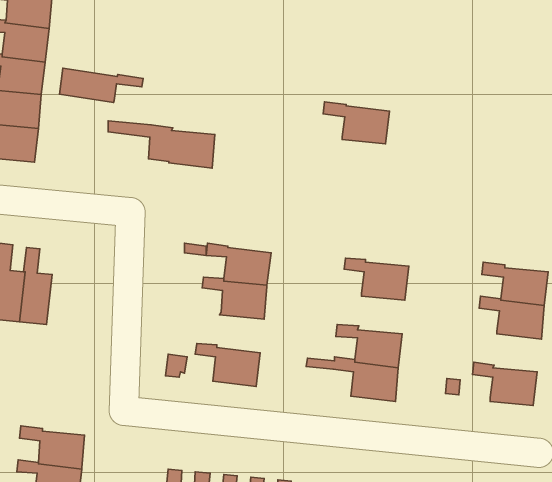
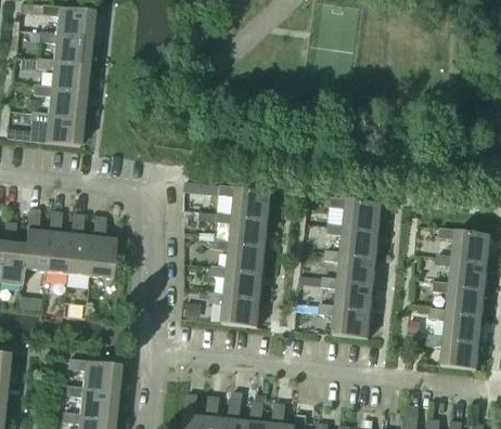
building: [59,68,143,102] -> none
building: [323,102,389,144] -> [330,197,383,231]
building: [108,121,215,168] -> [185,182,271,220]
building: none -> [89,218,115,280]
building: none -> [324,250,376,285]
building: none -> [211,265,264,300]
building: none -> [433,282,486,315]
building: none -> [427,335,479,369]

